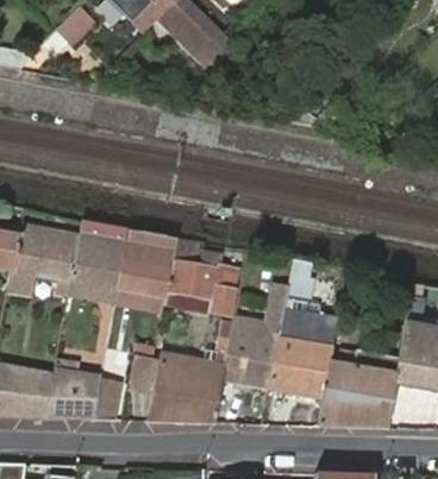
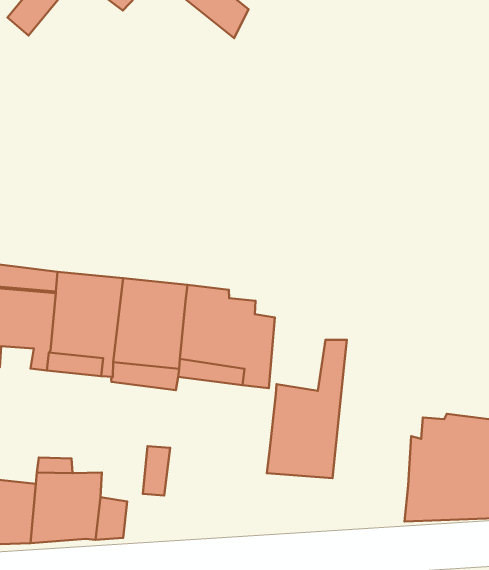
building: [270,263,338,398] -> none
building: [149,323,233,422] -> none

